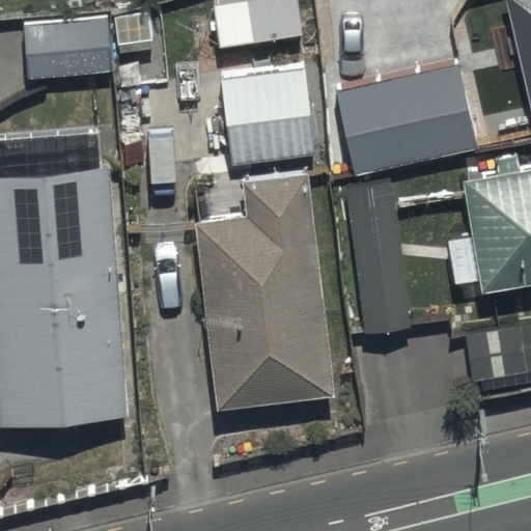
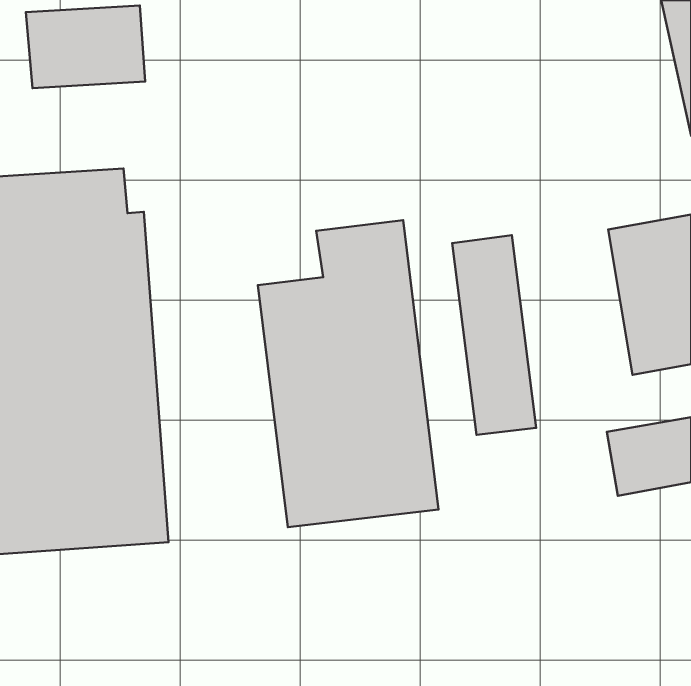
building: [336,65,477,177] -> none
building: [219,67,315,169] -> none

